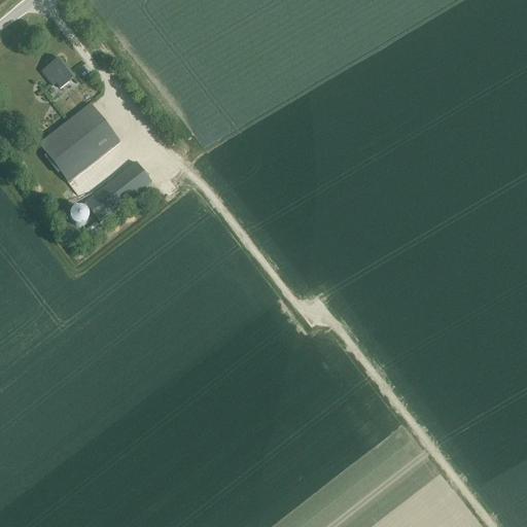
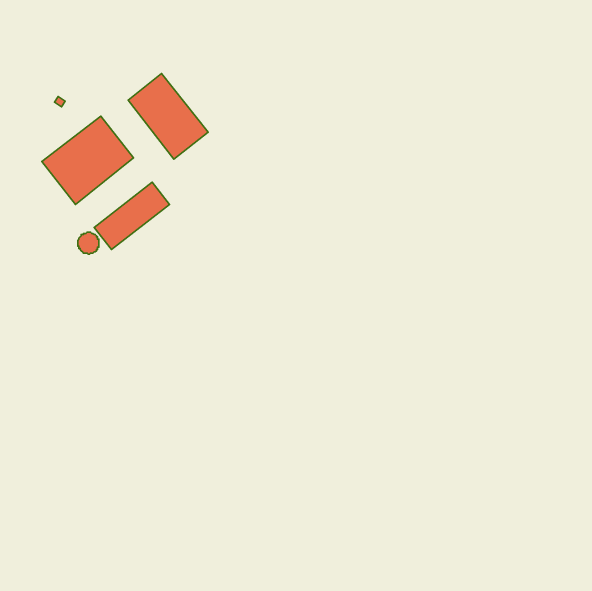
building: [45,57,75,87] -> none
building: none -> [128,74,208,159]

